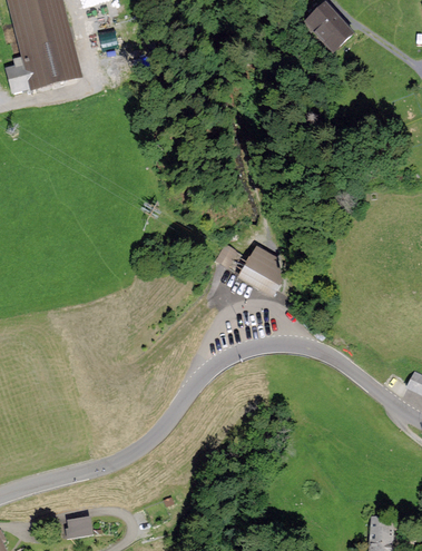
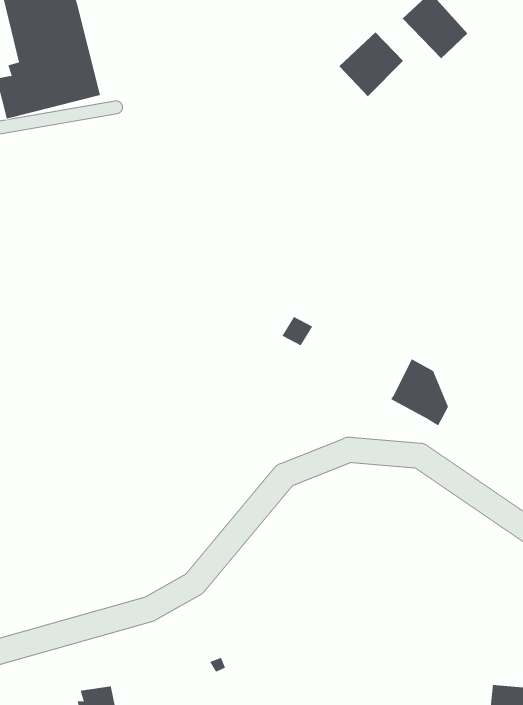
building: none -> [338,32,404,97]
building: [238,245,282,295] -> [390,359,449,426]

